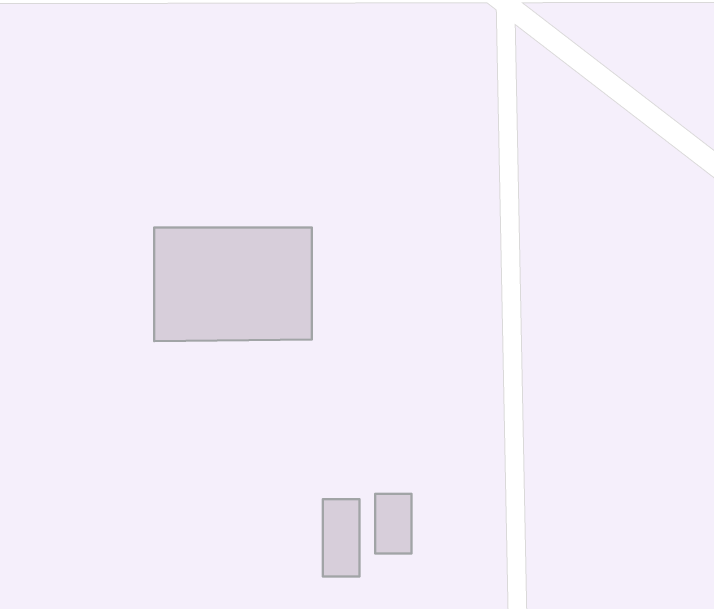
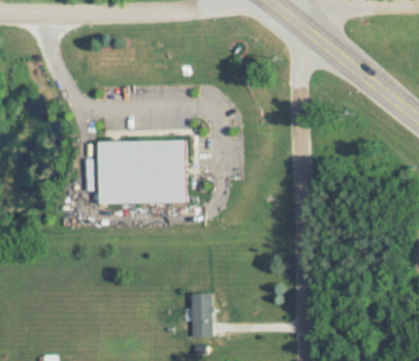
building: [375,494,411,554] -> none

